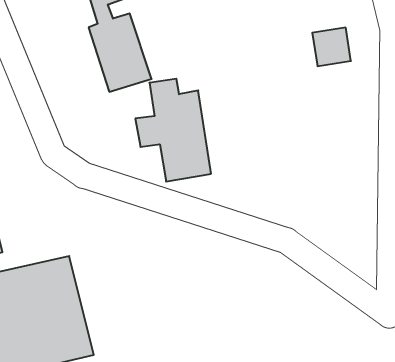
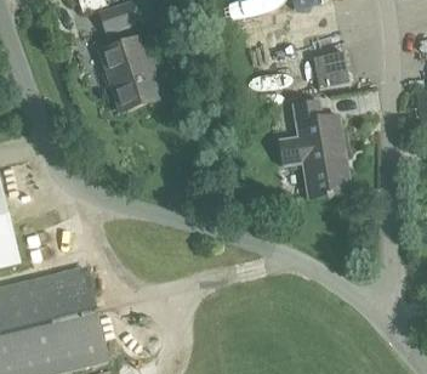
building: [135,79,211,182] -> [279,102,351,199]

